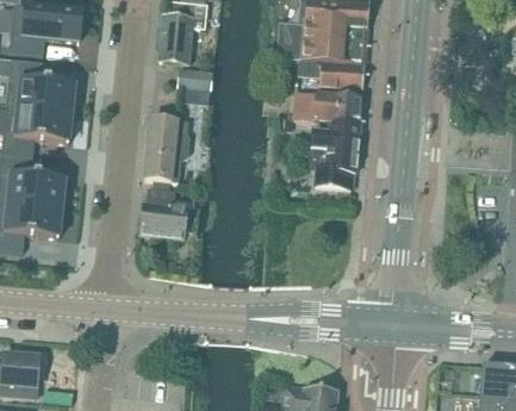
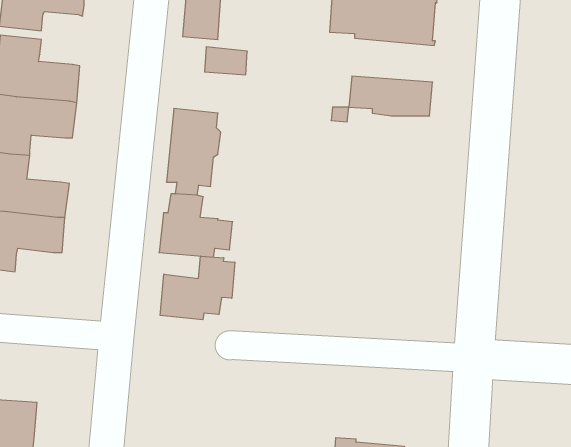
building: [297,61,362,91] -> none
building: [309,124,359,189] -> none
building: none -> [160,256,235,320]

